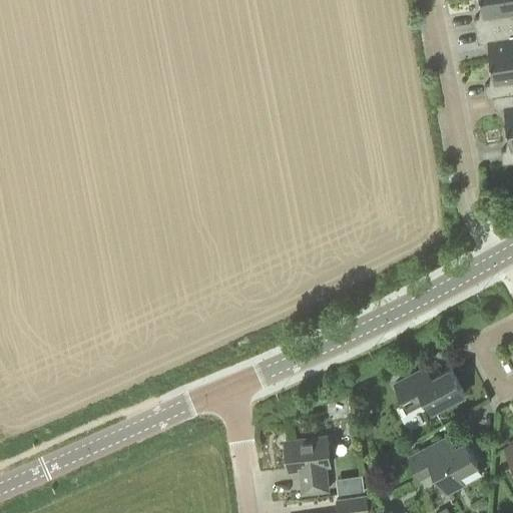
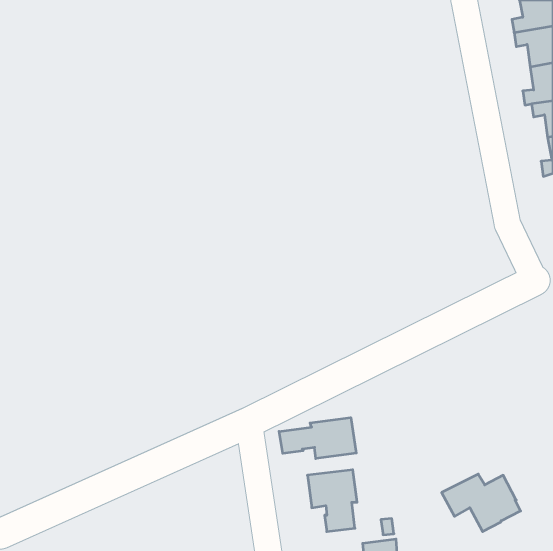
building: [395,370,465,413] -> none
building: none -> [279,418,356,459]

